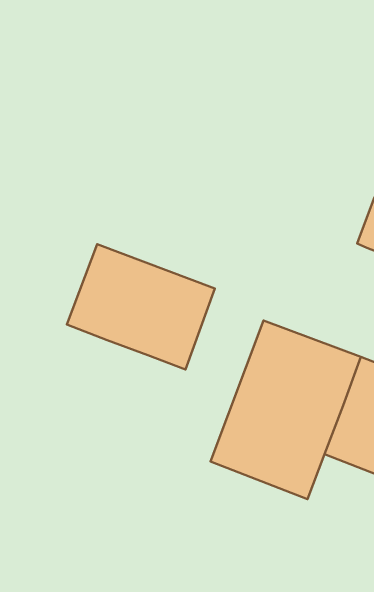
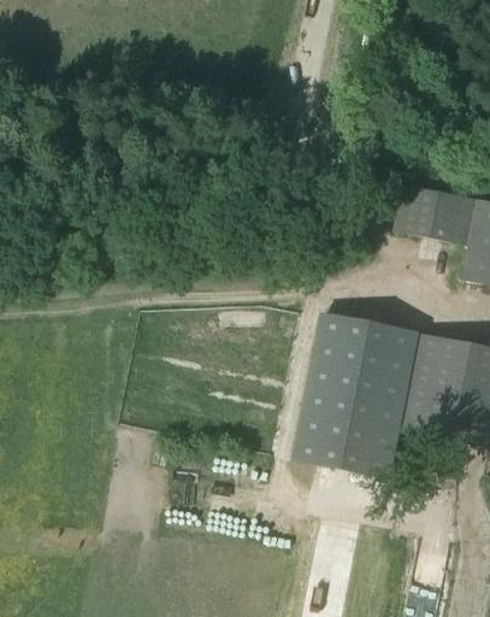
building: [67,244,215,369] -> none

